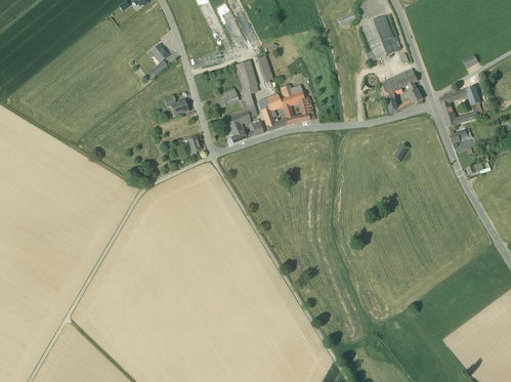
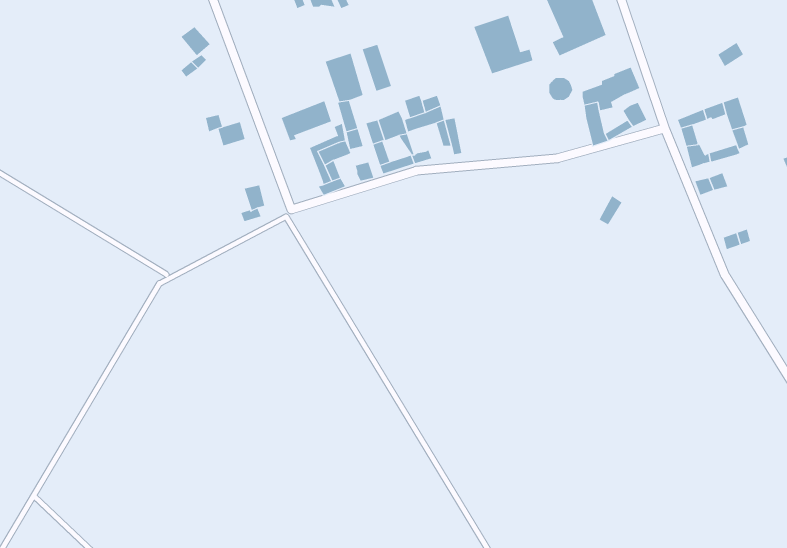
building: none -> [474,15,533,74]

